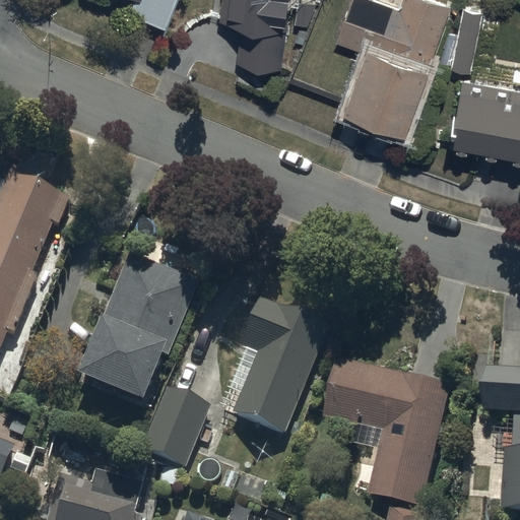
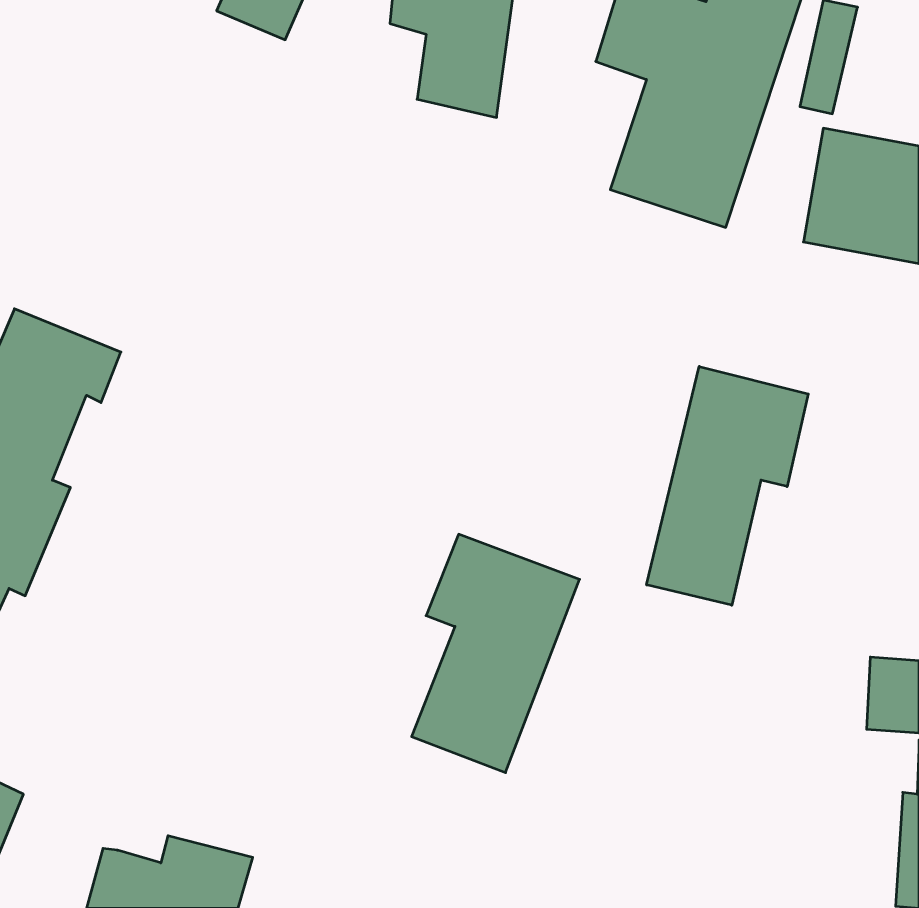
building: none -> [647,366,808,605]
building: [76,251,197,408] -> none
building: [328,359,452,504] -> none
building: [141,388,209,466] -> none

